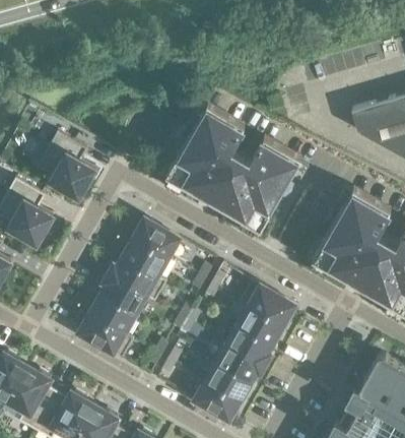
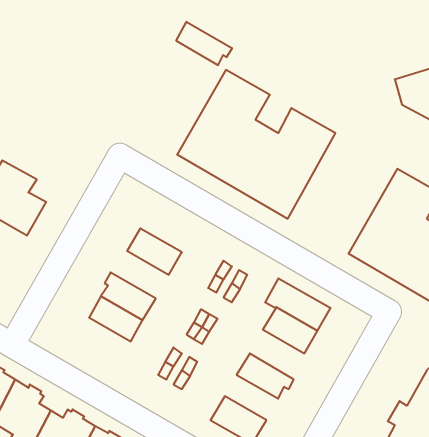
building: none -> [176,22,232,65]
building: [39,134,95,198] -> none
building: [134,220,181,259] -> none
building: [109,258,167,304] -> none
building: [78,315,135,361] -> none
building: [227,325,274,368] -> none
building: [206,364,252,402] -> none

